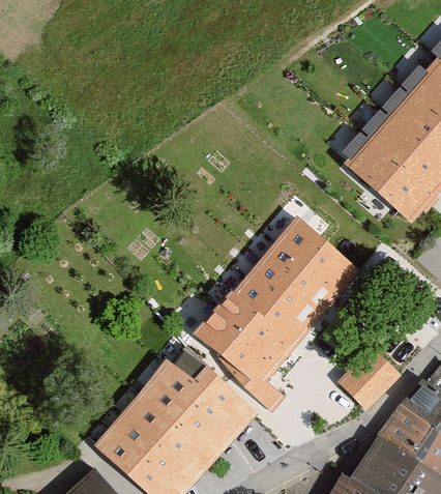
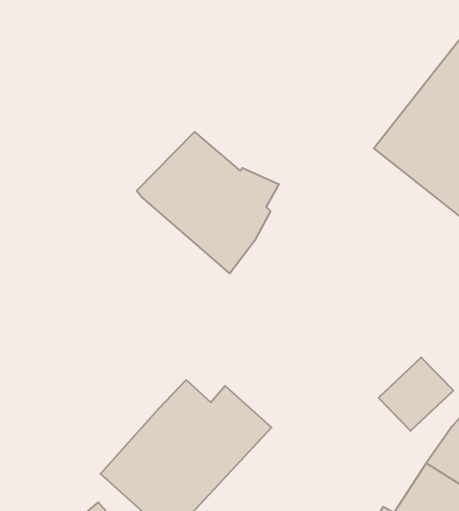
building: none -> [137,132,279,273]
building: [197,217,358,407] -> none

